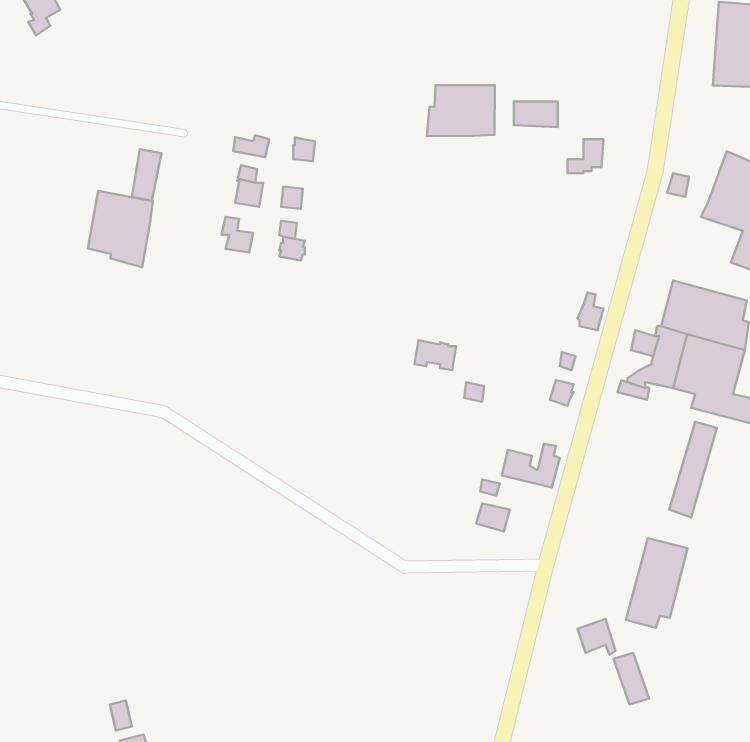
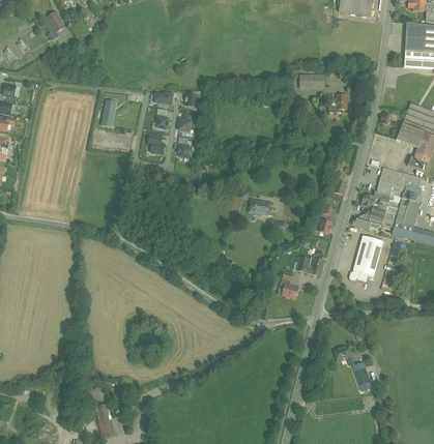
building: [427,85,495,136] -> none
building: [88,191,153,267] -> none
building: [626,538,688,628] -> [351,235,383,282]

